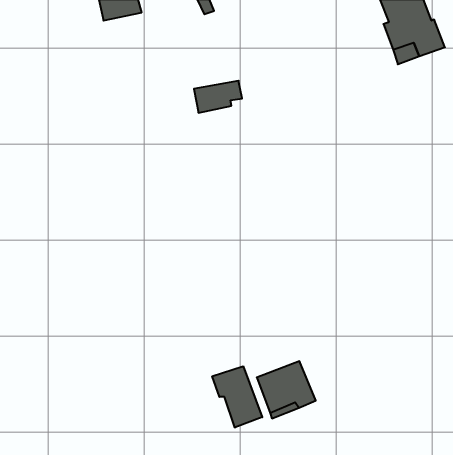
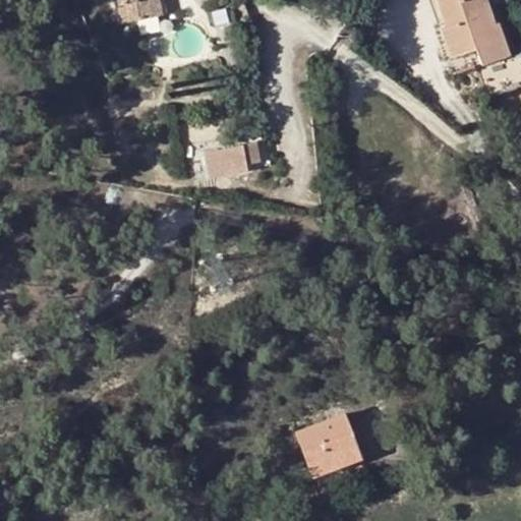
building: [194,81,242,113] -> [205,142,259,179]
building: [212,366,262,428] -> none

